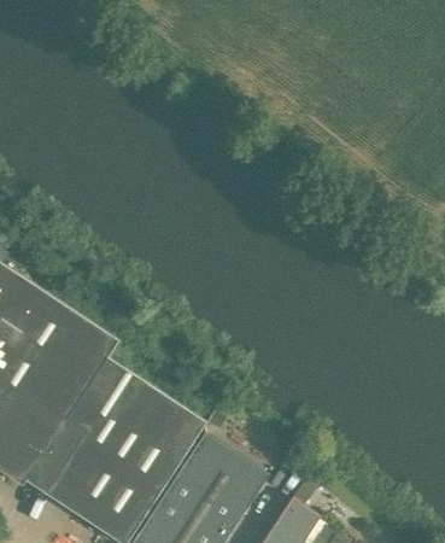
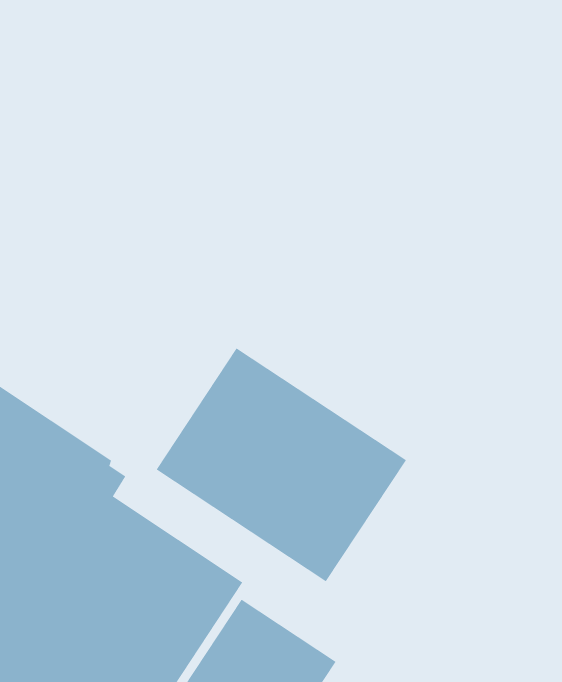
building: none -> [156,347,407,582]

